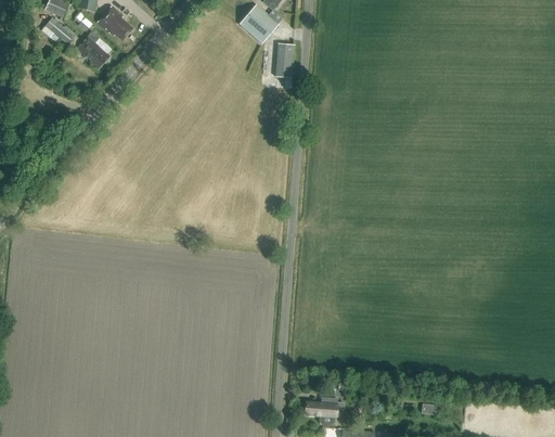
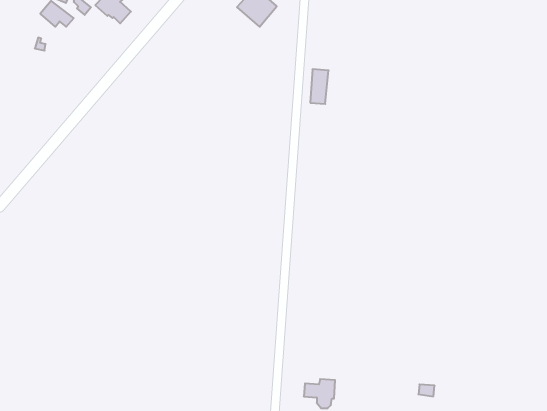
building: [77,31,112,64] -> none
building: [276,43,295,78] -> [310,69,329,104]

